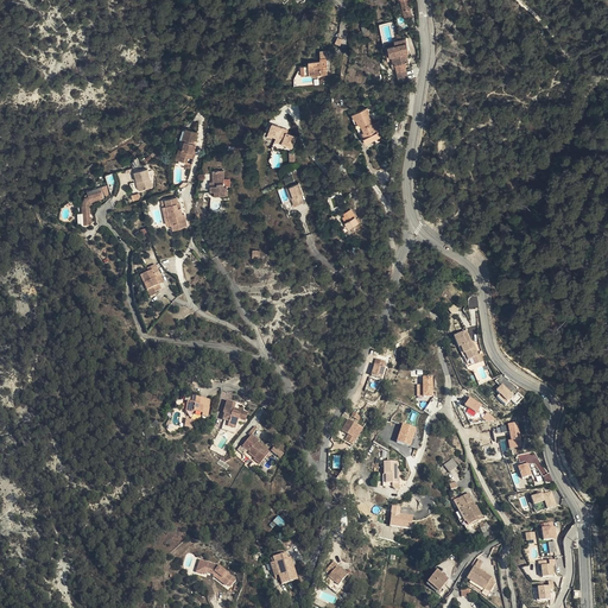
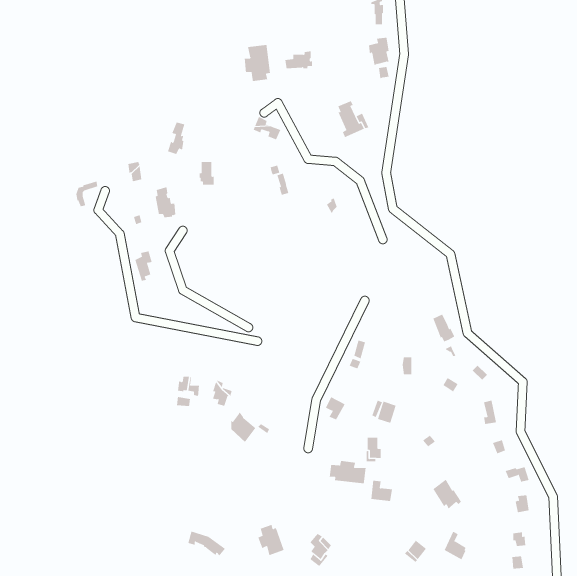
building: none -> [244,44,271,82]
building: none -> [329,460,366,484]

